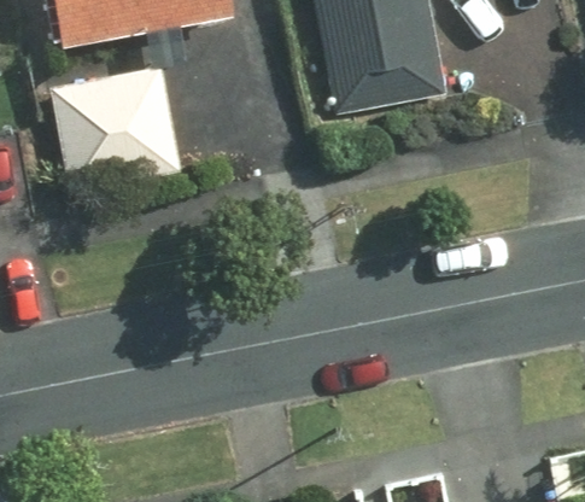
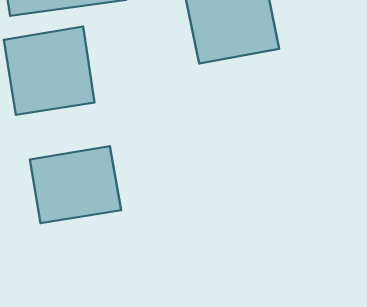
building: none -> [30,146,121,223]

